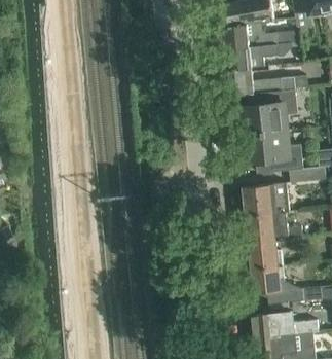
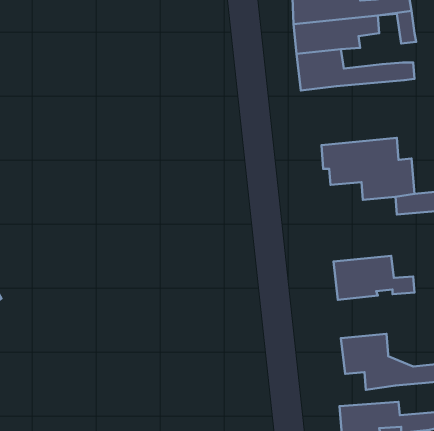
building: [236,88,298,134] -> none
building: [244,182,290,215] -> none
building: [250,239,284,268] -> none

